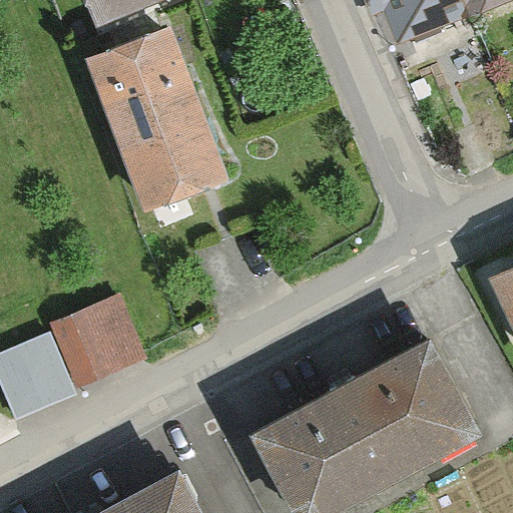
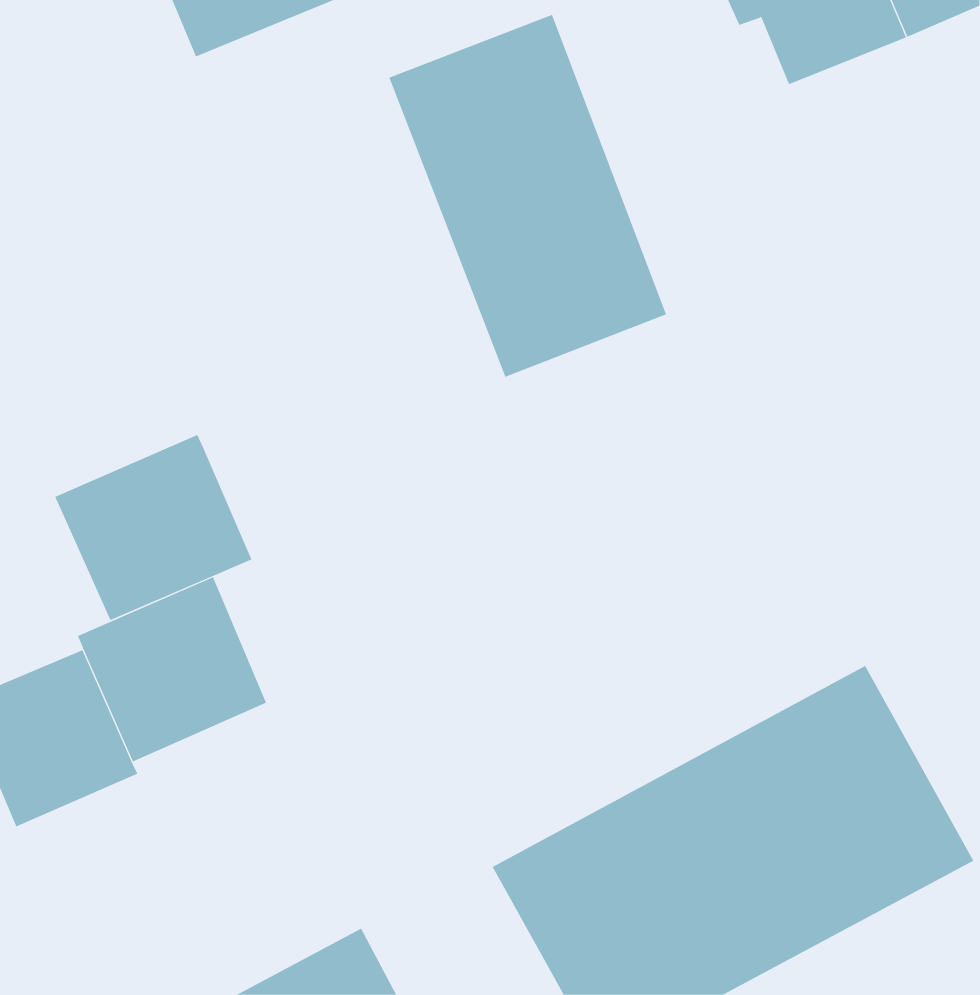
building: [85,27,226,211] -> [388,14,667,378]
building: none -> [54,434,252,621]

